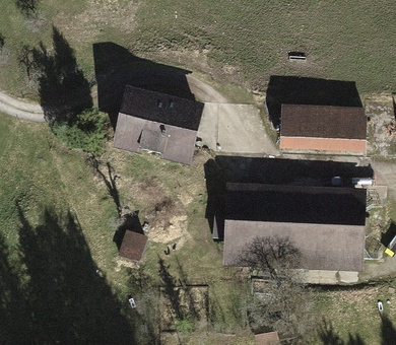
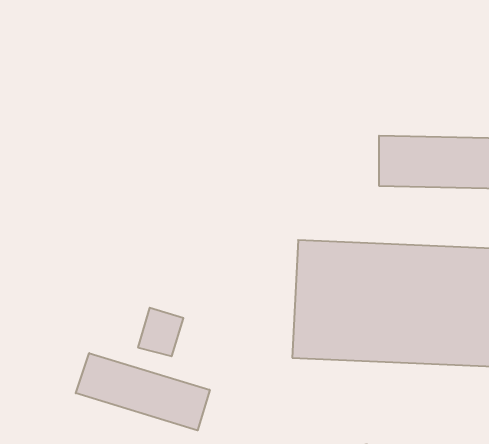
building: [110,86,201,164] -> none
building: none -> [76,353,210,430]

